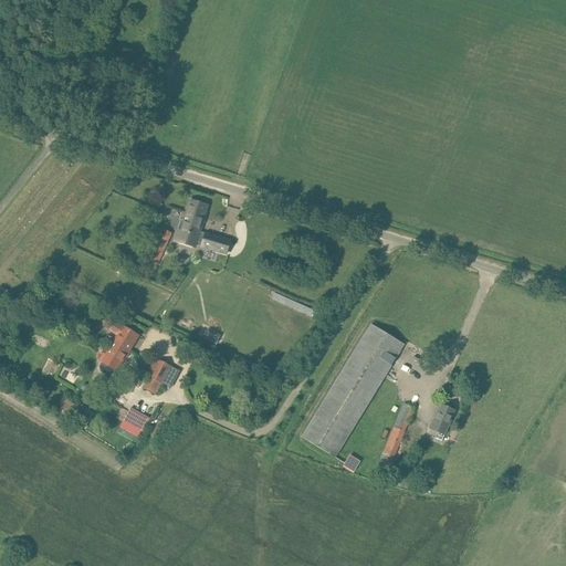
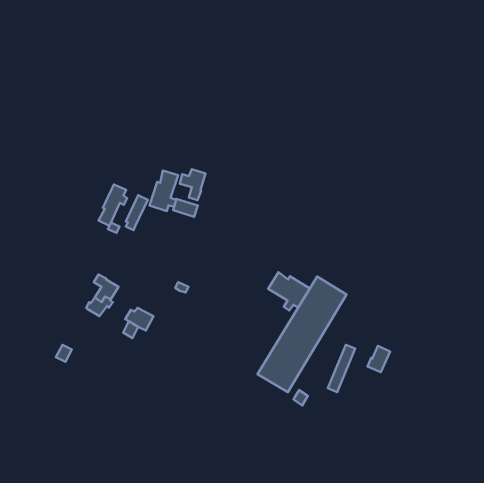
building: none -> [180,169,206,200]
building: none -> [99,184,127,226]
building: none -> [268,272,310,310]
building: [119,408,149,437] -> none

